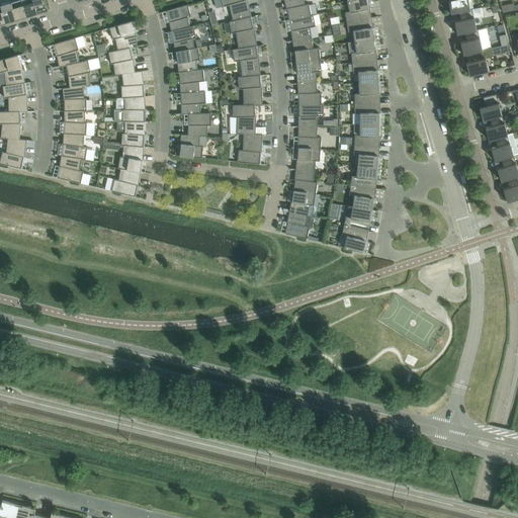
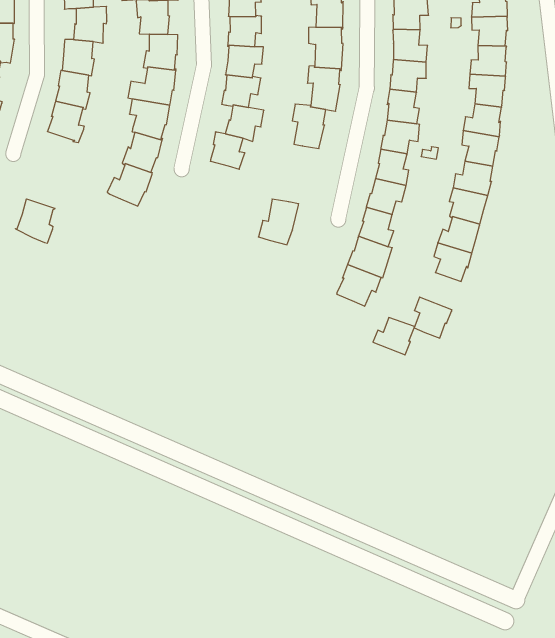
building: [238,134,262,164] -> [258,199,299,245]
building: [57,155,83,183] -> [15,199,55,243]
building: [344,206,371,231] -> [373,318,414,355]

